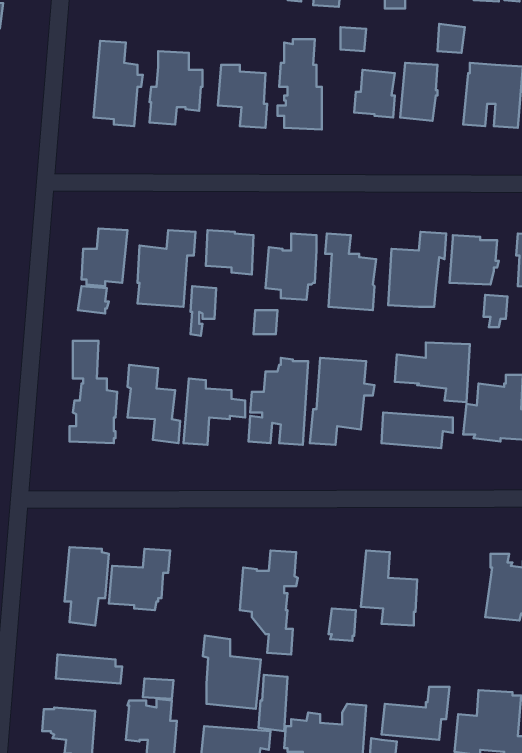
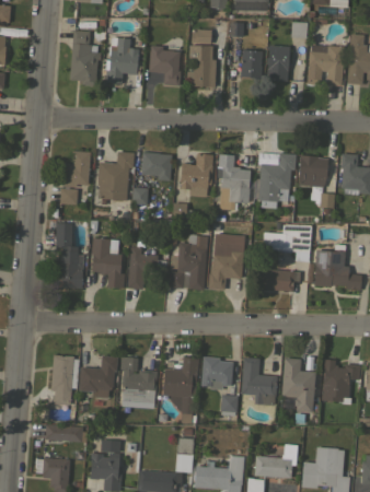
building: none -> [200,356,233,390]
building: none -> [281,358,315,413]
building: [203,636,261,709] -> [120,356,158,403]

